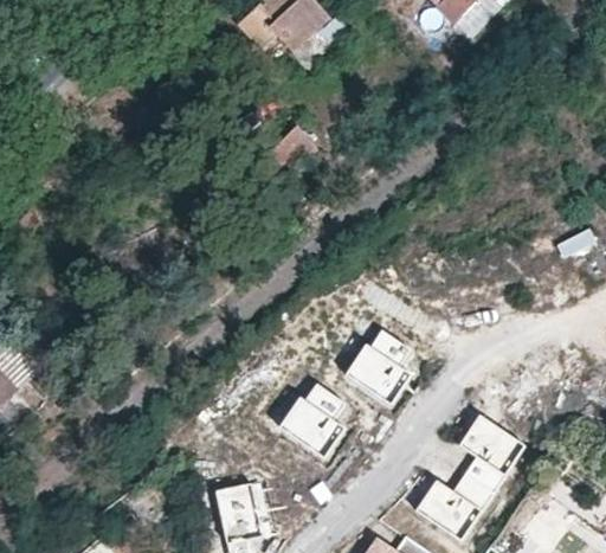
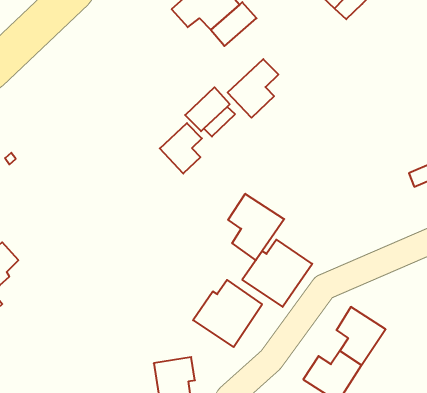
building: none -> [228,59,278,118]
building: none -> [160,123,202,174]
building: none -> [228,194,284,260]

